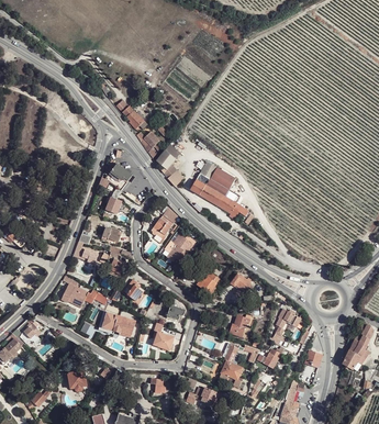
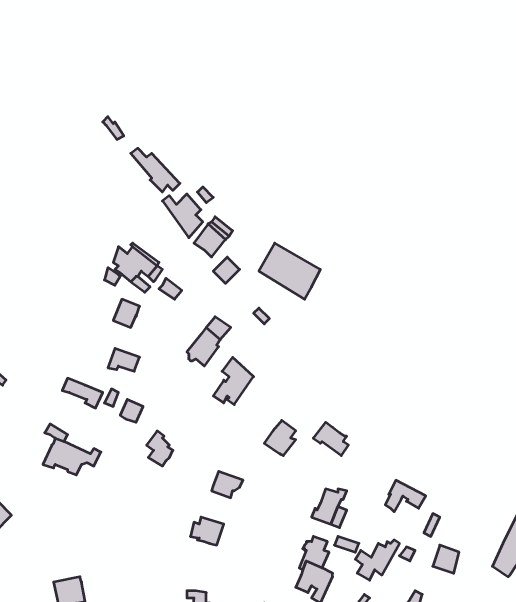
building: [189,179,248,220] -> none
building: [99,311,135,335] -> none

